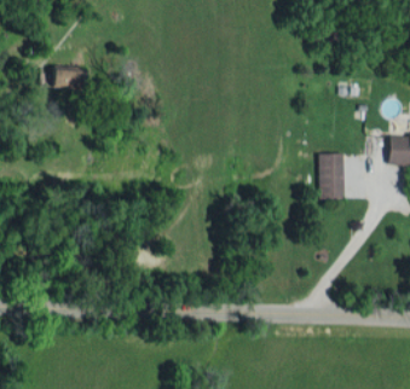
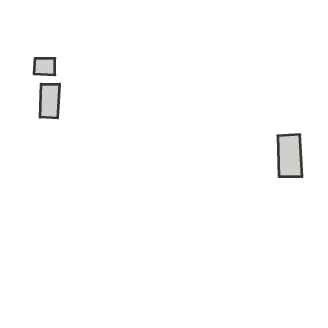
building: none -> [40,84,60,118]

